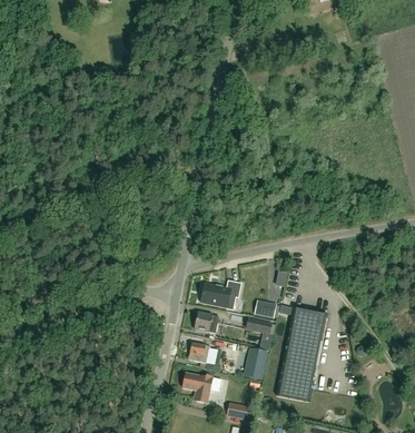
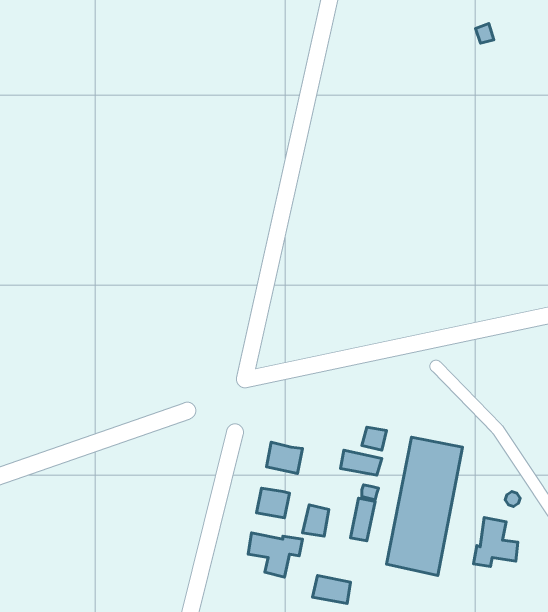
building: [200,281,241,306] -> none
building: none -> [473,517,518,566]

